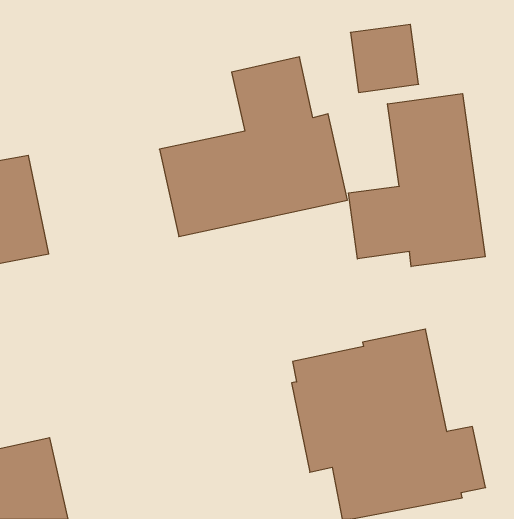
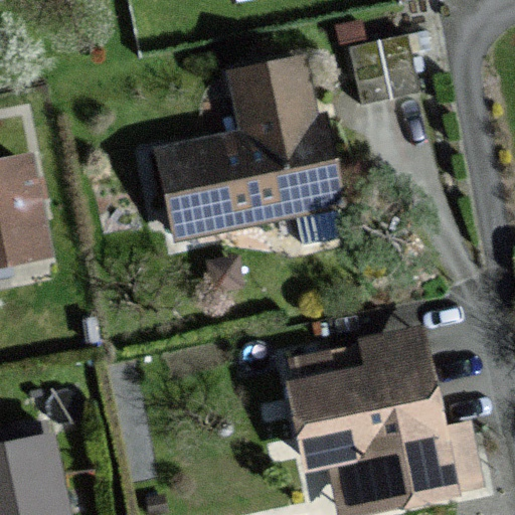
building: [349,94,485,267] -> none

